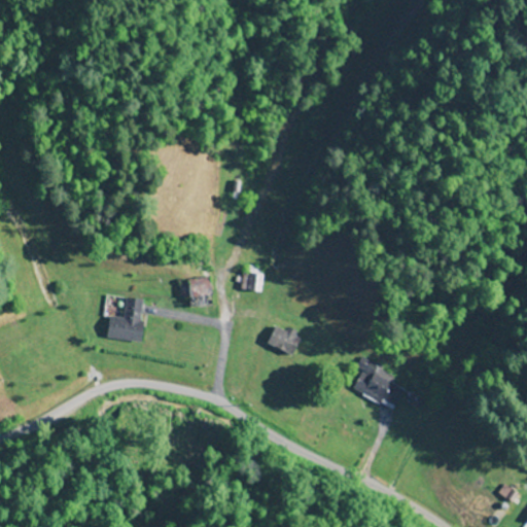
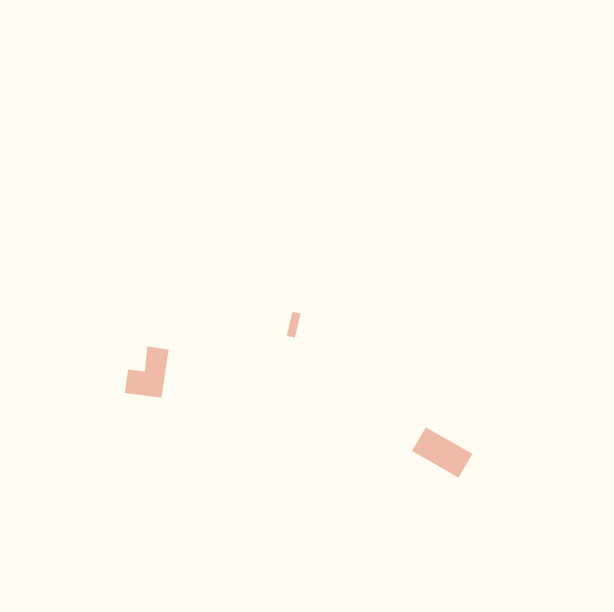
building: [178,275,213,307] -> none
building: [268,324,301,355] -> none

